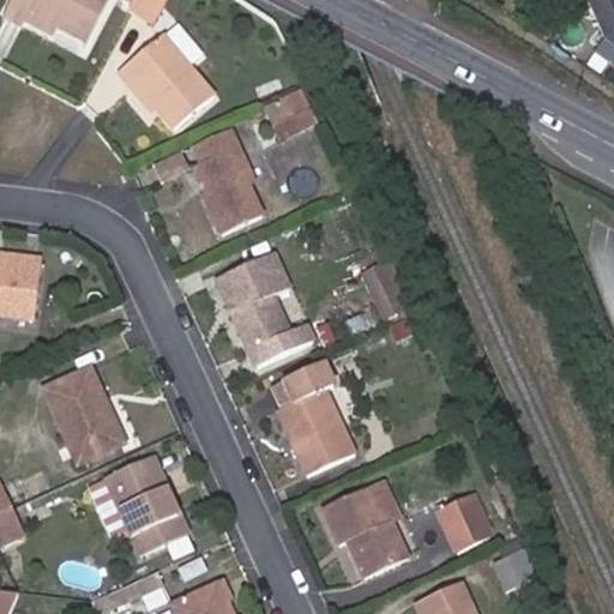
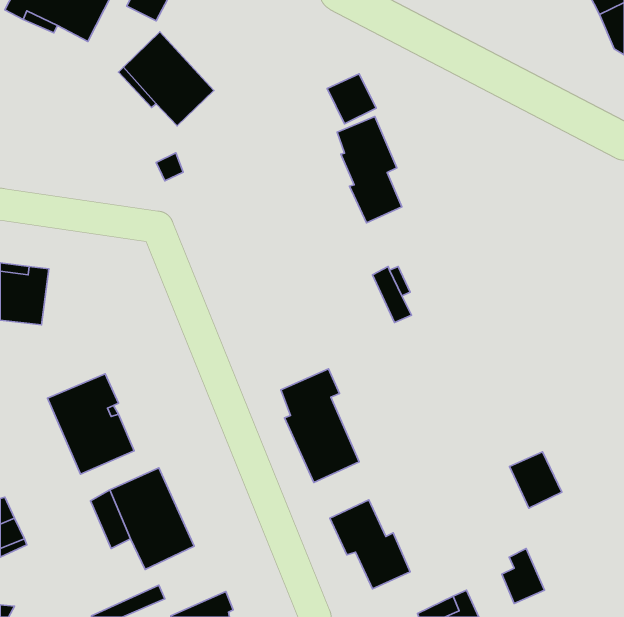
building: [263,85,311,134] -> [327,74,376,124]
building: [193,125,257,229] -> [337,116,402,223]
building: [216,249,313,366] -> none
building: [439,495,490,550] -> [509,452,562,508]

